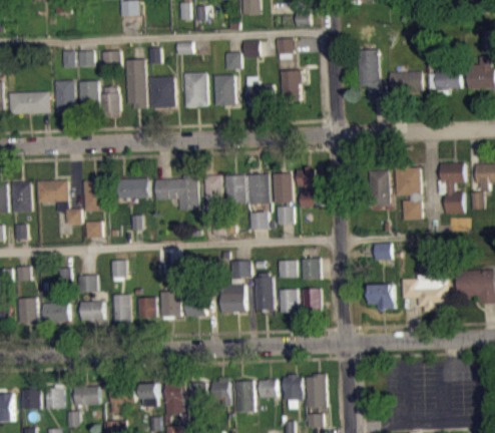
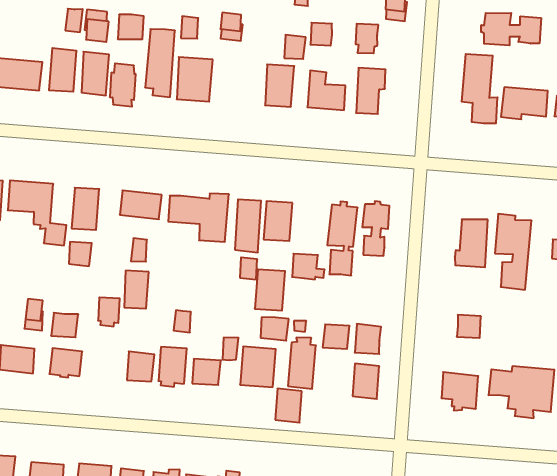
building: none -> [481,13,541,45]
building: [184,73,207,107] -> none
building: [248,174,269,204] -> [255,269,285,311]
building: [279,289,298,312] -> [275,389,302,423]
building: [112,294,130,322] -> [124,271,149,309]

